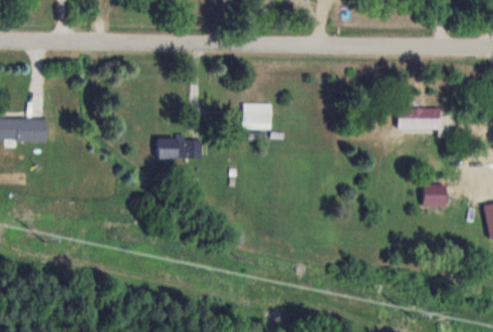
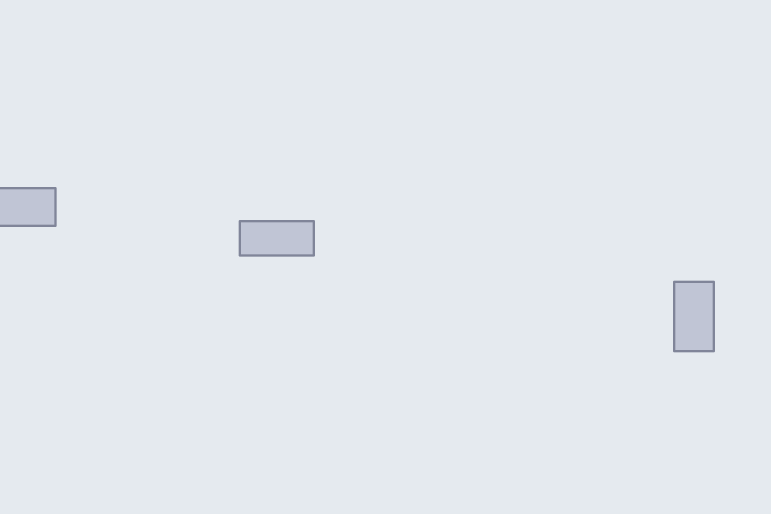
building: [243,103,272,129] -> none
building: [398,108,439,128] -> none

